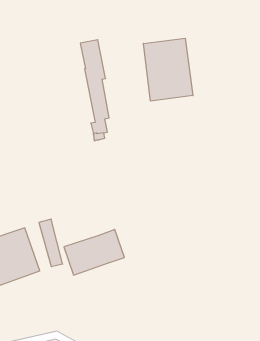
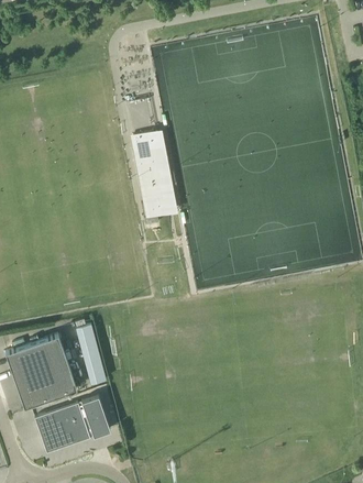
building: [143,38,193,101] -> none
building: [64,229,124,275] -> [34,395,110,452]

